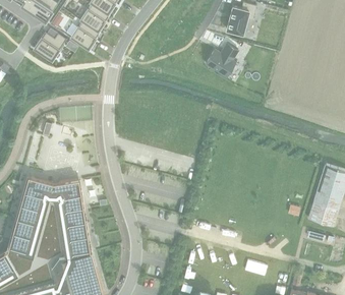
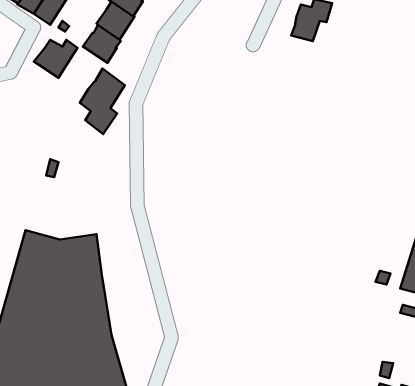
building: [205,43,237,76] -> none
building: none -> [80,69,125,134]

